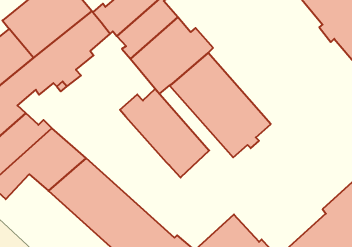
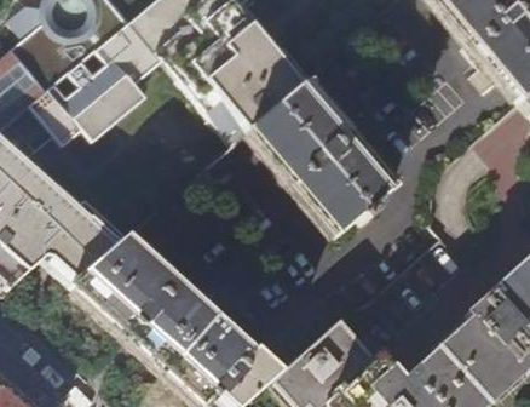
building: [120,89,209,178] -> none

